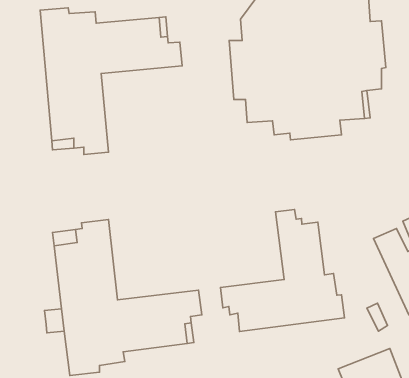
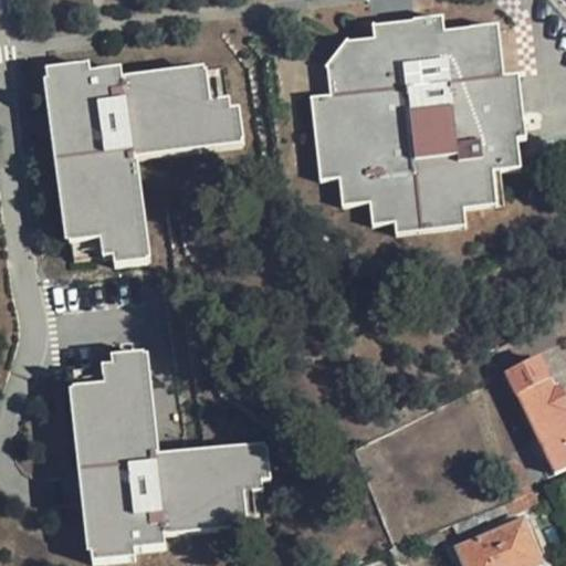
building: [221,210,345,332] -> none

